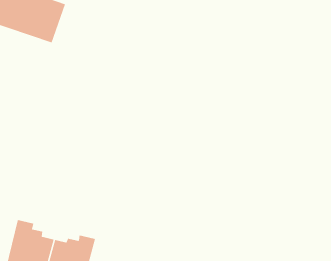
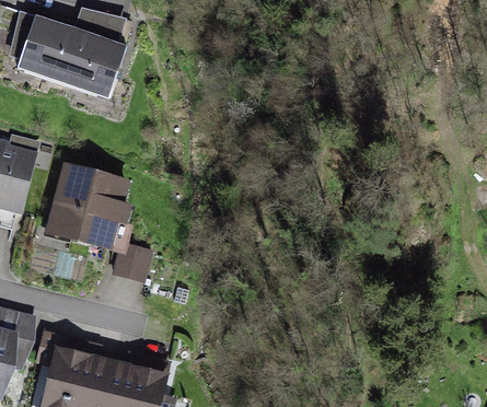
building: none -> [50,168,127,247]
building: none -> [116,239,156,280]

